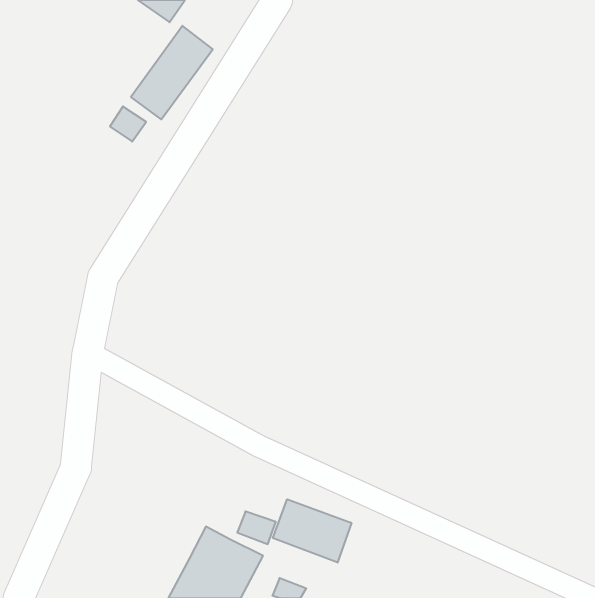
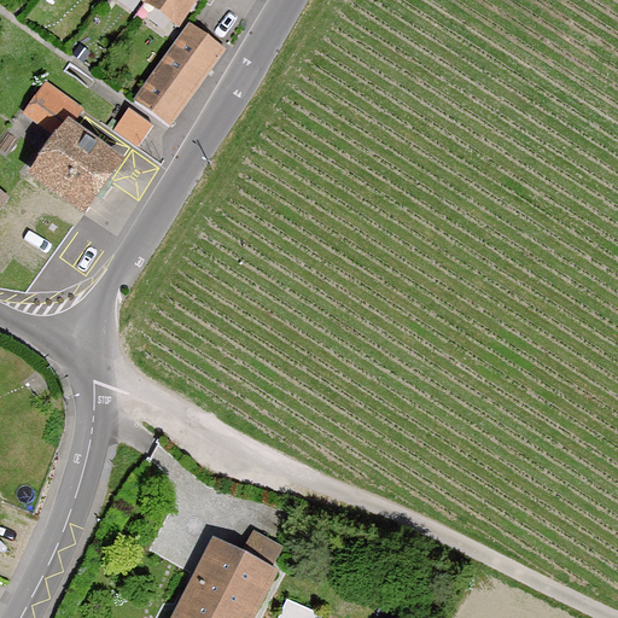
building: none -> [23,84,116,206]
building: [273,499,351,563] -> none

